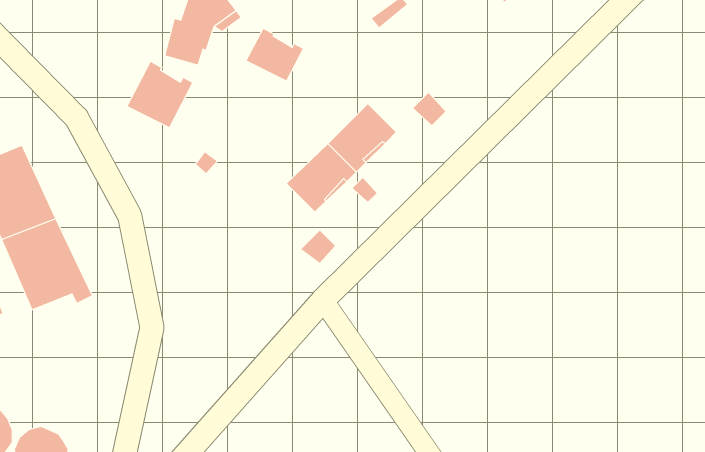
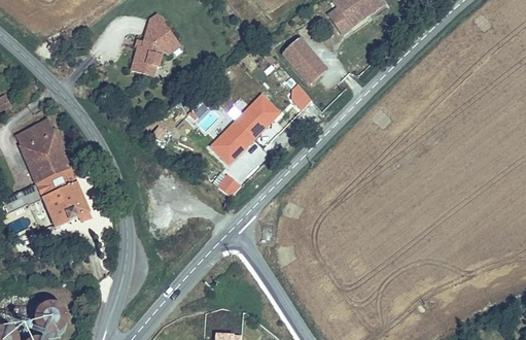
building: none -> [282,36,328,86]
building: [246,28,304,81] -> none
building: [127,61,193,128] -> none

